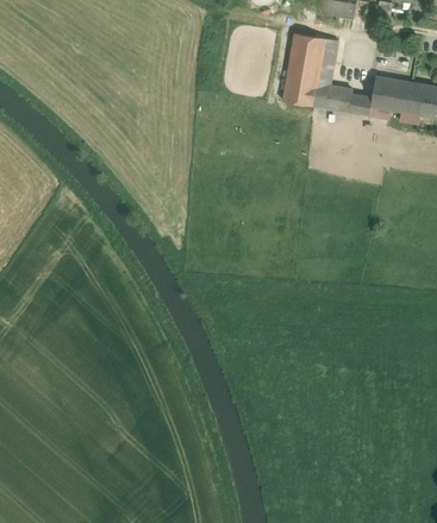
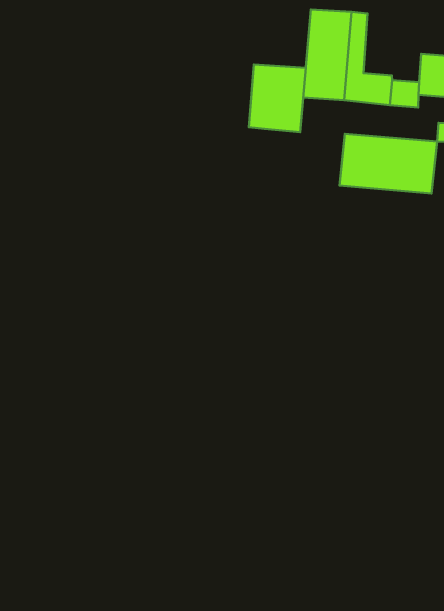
building: none -> [249,64,306,132]
building: none -> [339,134,437,193]

